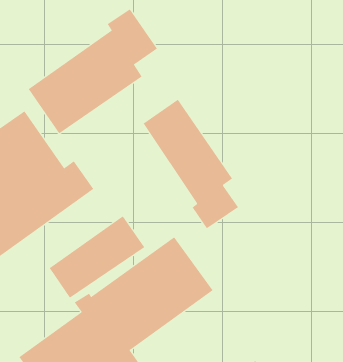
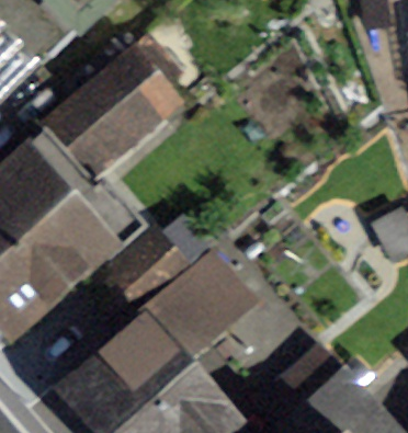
building: [143,99,239,229] -> none

